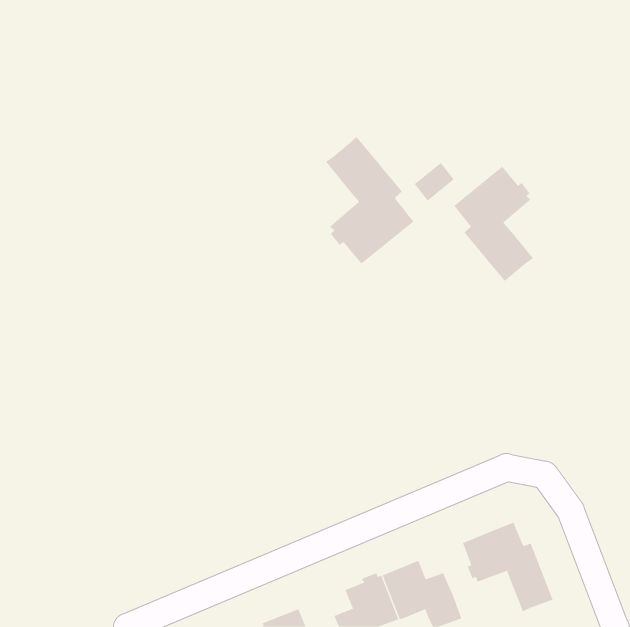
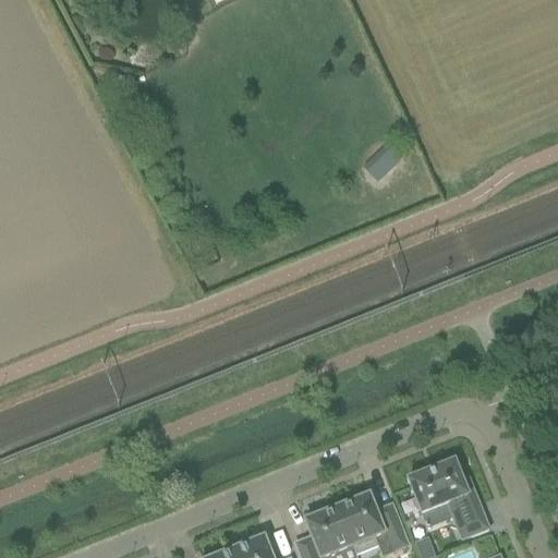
building: [325,136,414,264] -> none
building: [454,166,534,282] -> none

